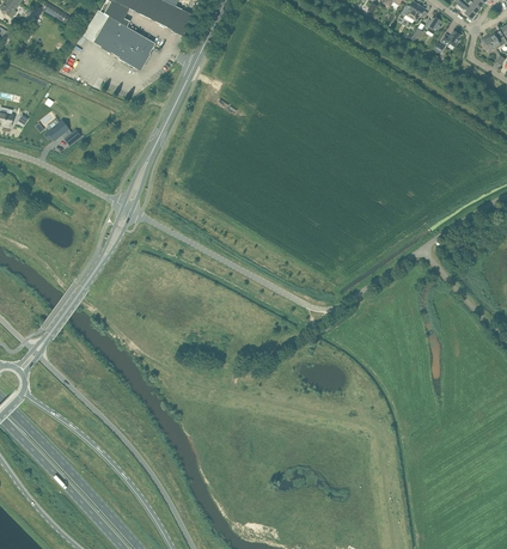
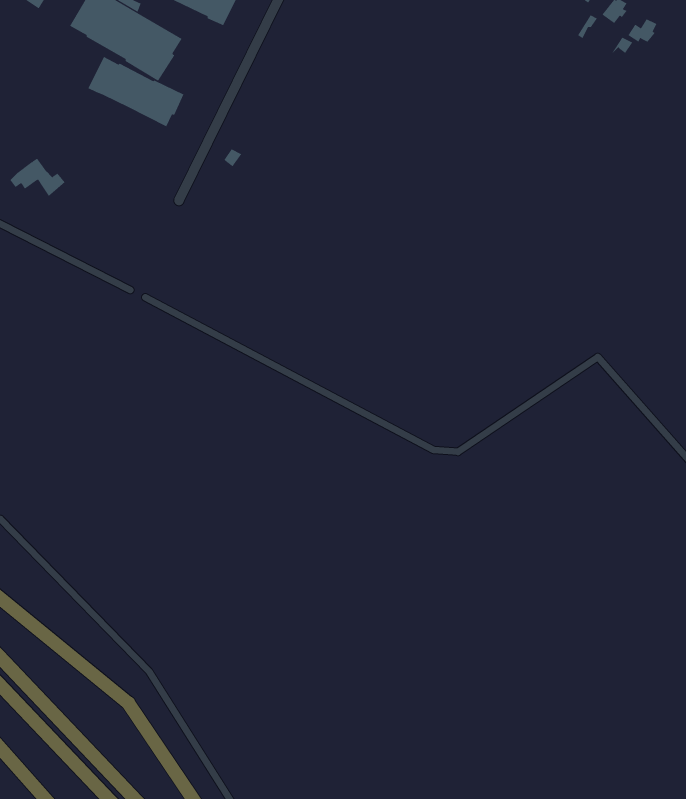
building: none -> [88,56,184,127]

